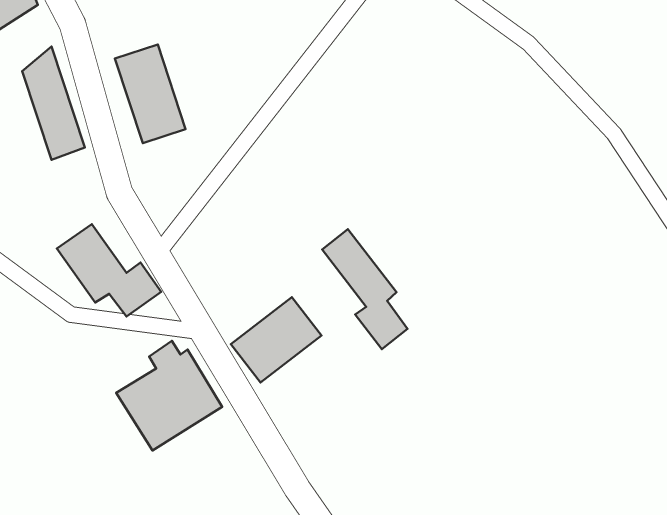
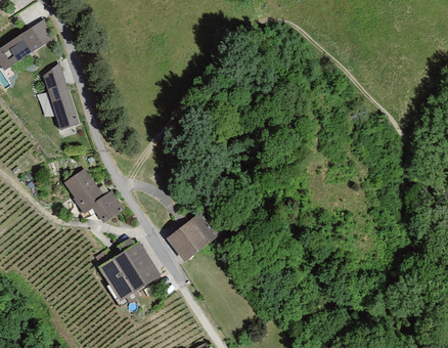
building: [115,45,186,143] -> none
building: [322,229,408,349] -> none

